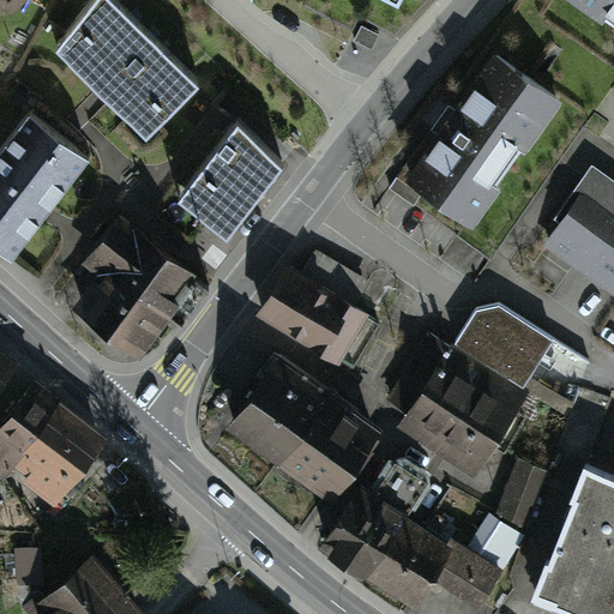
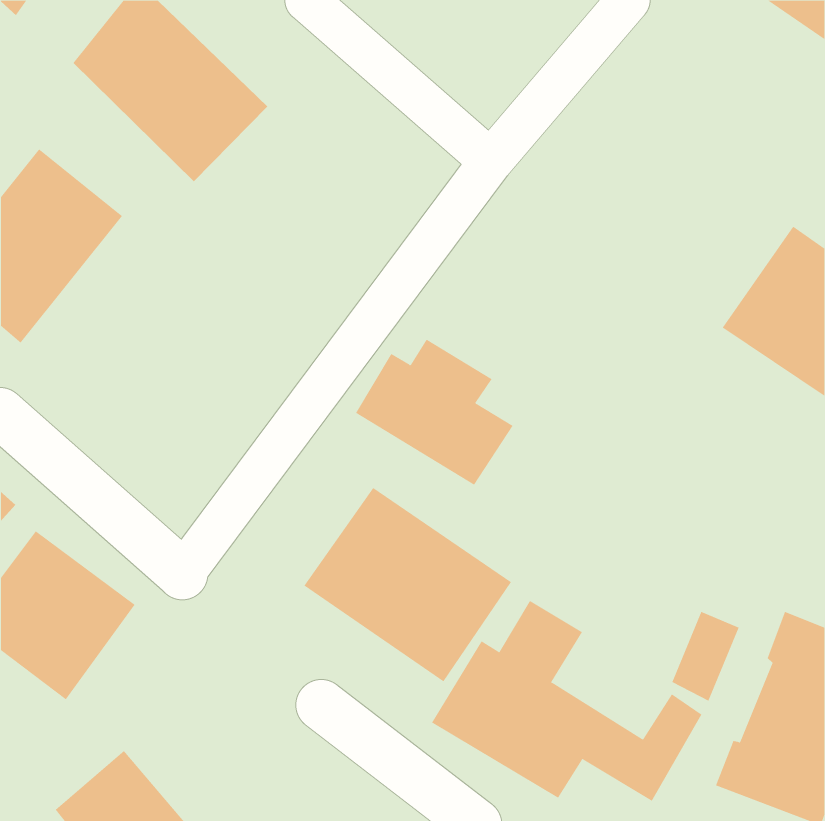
building: [395,60,556,241] -> none
building: [181,121,283,240] -> none
building: [65,225,201,365] -> none
building: [402,315,552,477] -> none

